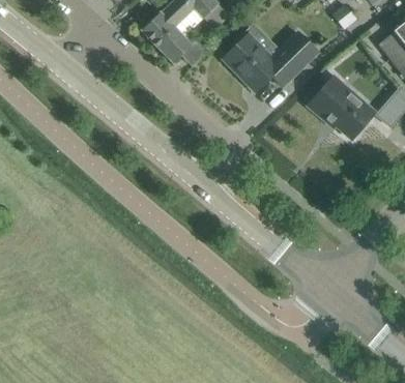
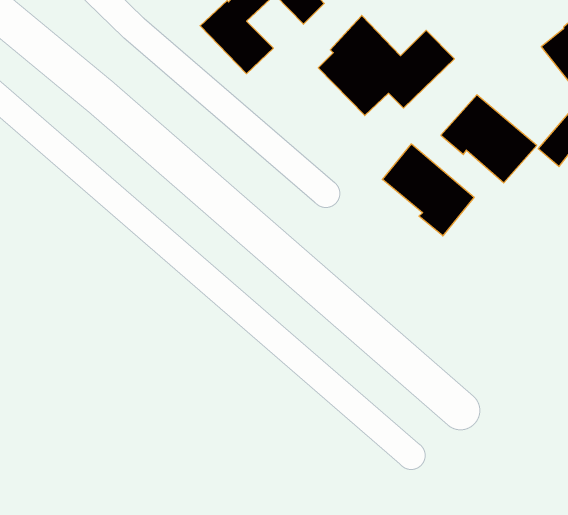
building: none -> [382,144,474,236]

